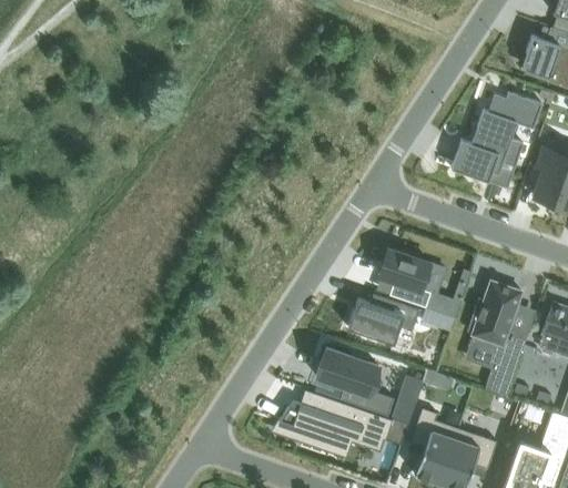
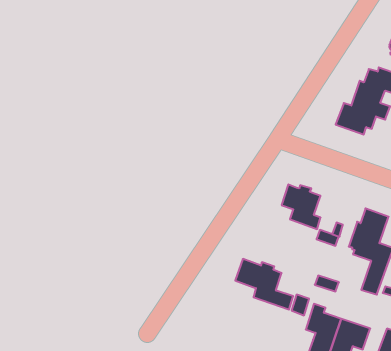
building: [347,295,419,345] -> none
building: [278,392,393,454] -> none

